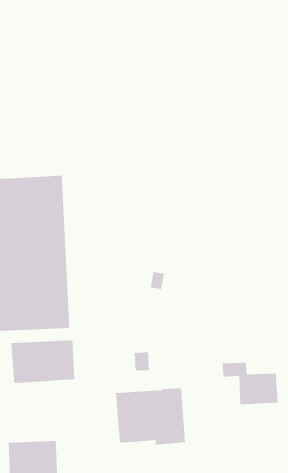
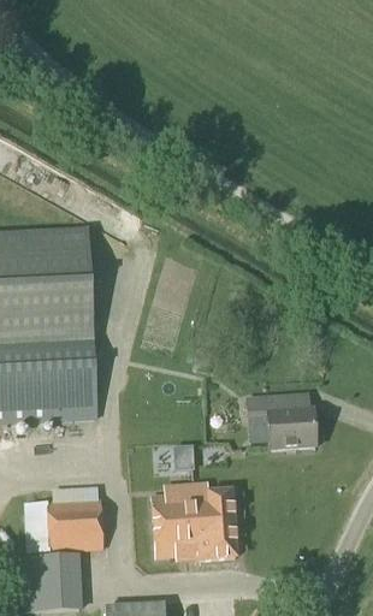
building: [10,340,75,384] -> [25,497,103,550]
building: [222,362,278,405] -> [248,395,316,446]

